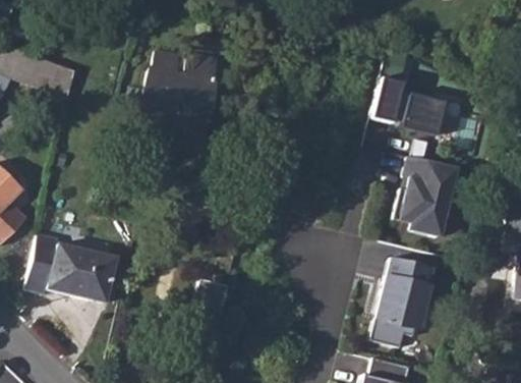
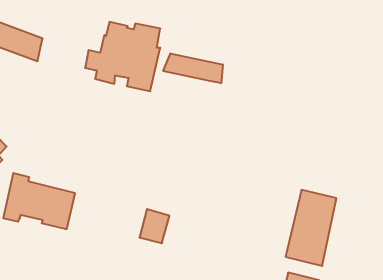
building: [369,76,448,135] -> none
building: none -> [163,53,223,83]
building: [398,158,454,234] -> none

